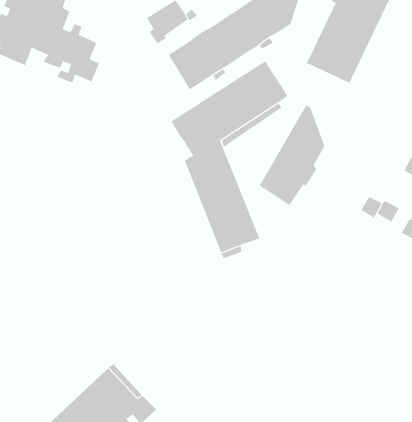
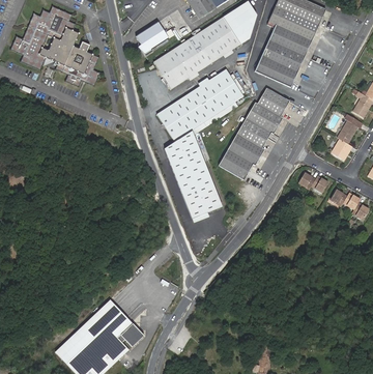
building: none -> [260,88,290,136]

